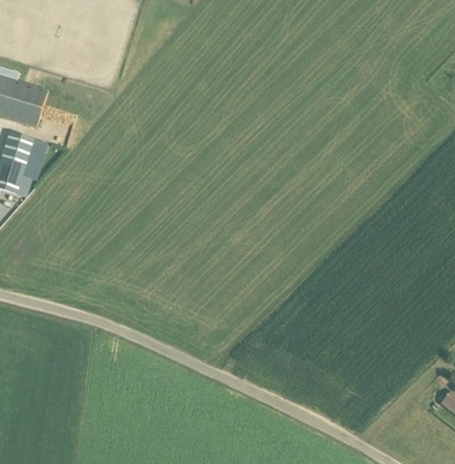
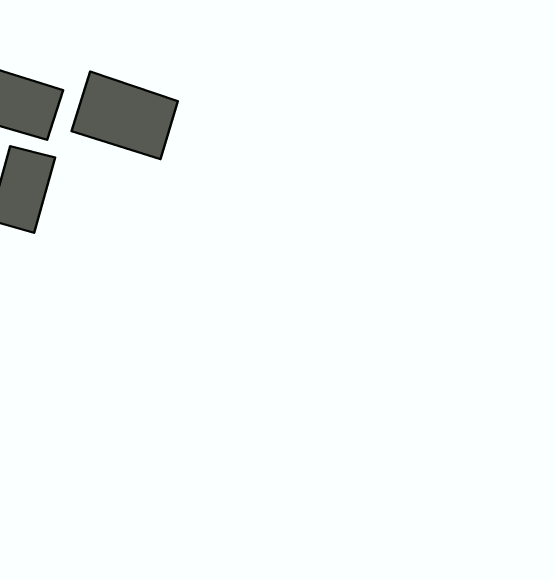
building: none -> [71,72,178,159]

